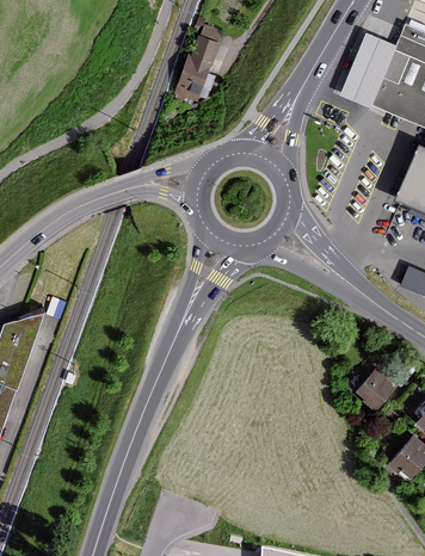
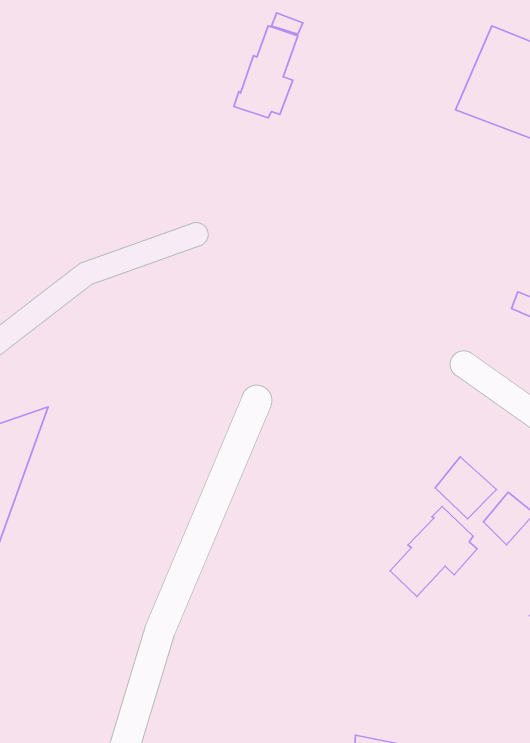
building: none -> [435,457,496,519]
building: none -> [390,506,477,596]

